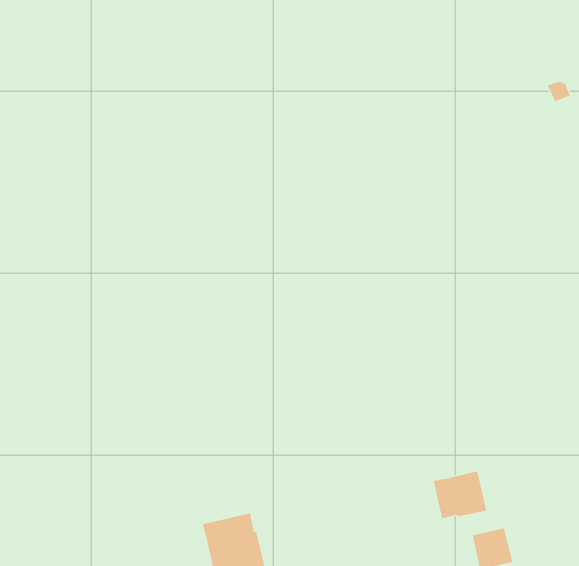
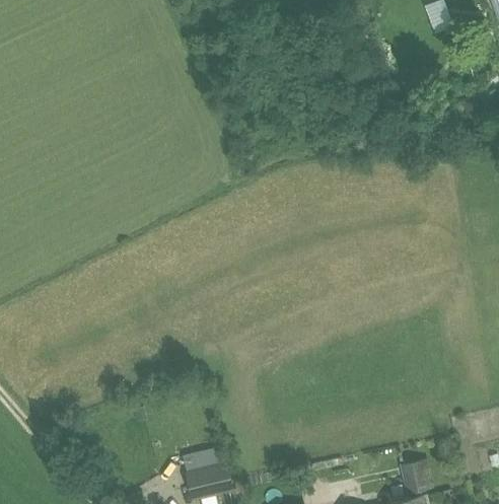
building: [433,470,487,519] -> none

